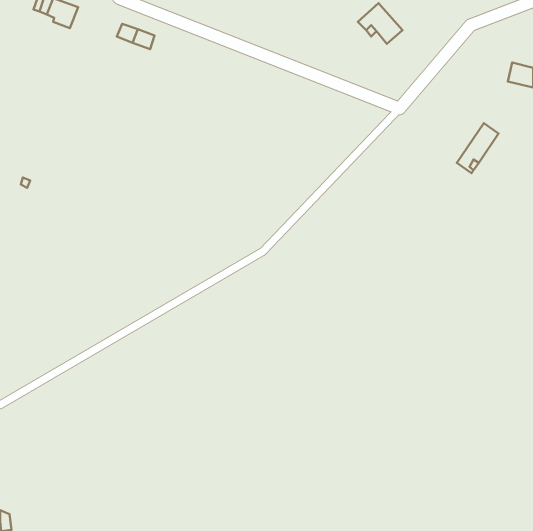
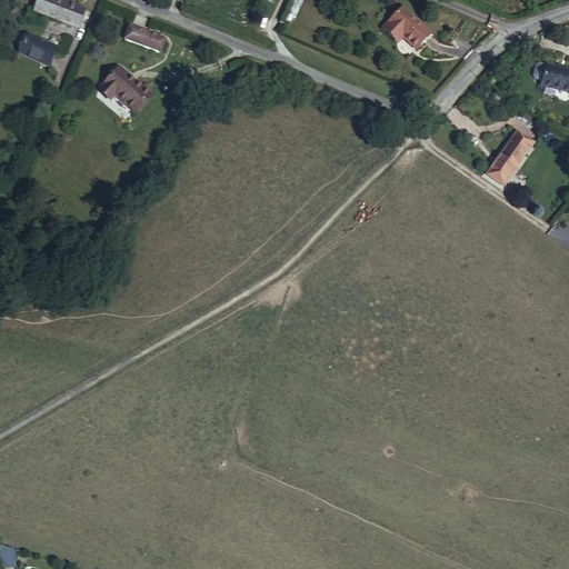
building: none -> [20,33,57,66]
building: none -> [100,67,150,110]

